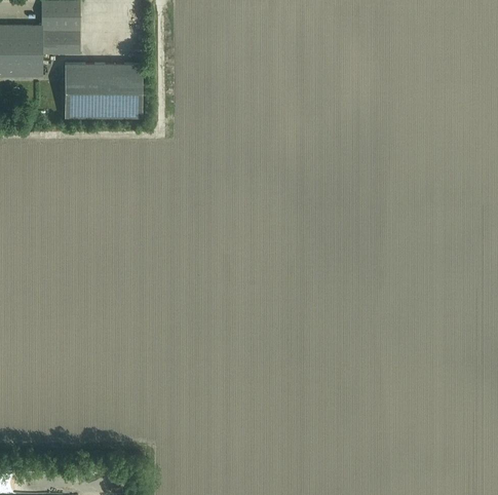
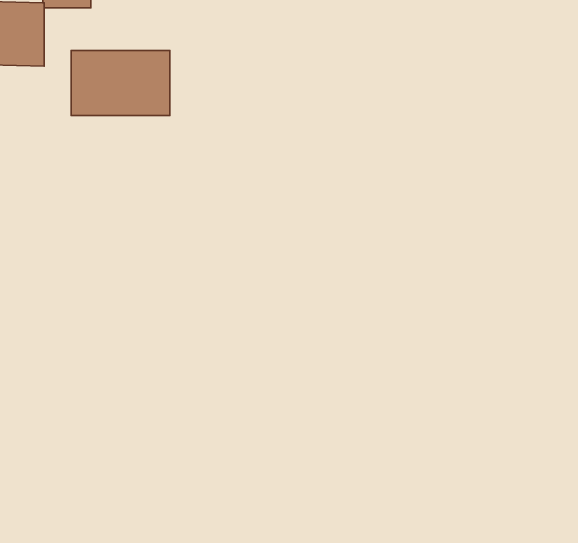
building: [42,30,79,54] -> none

